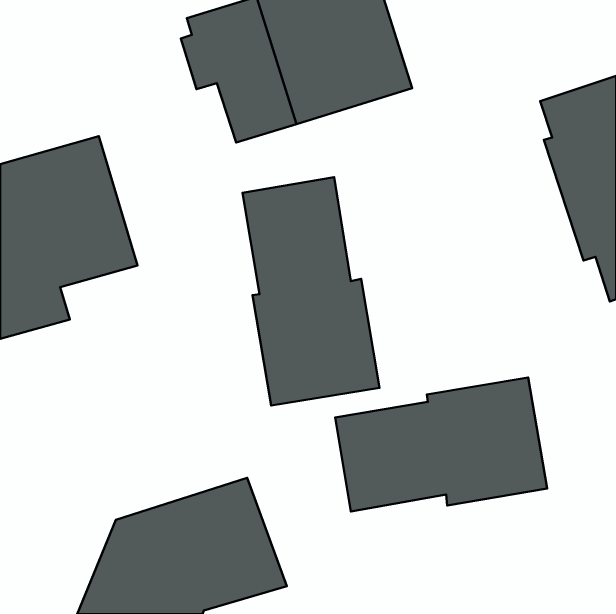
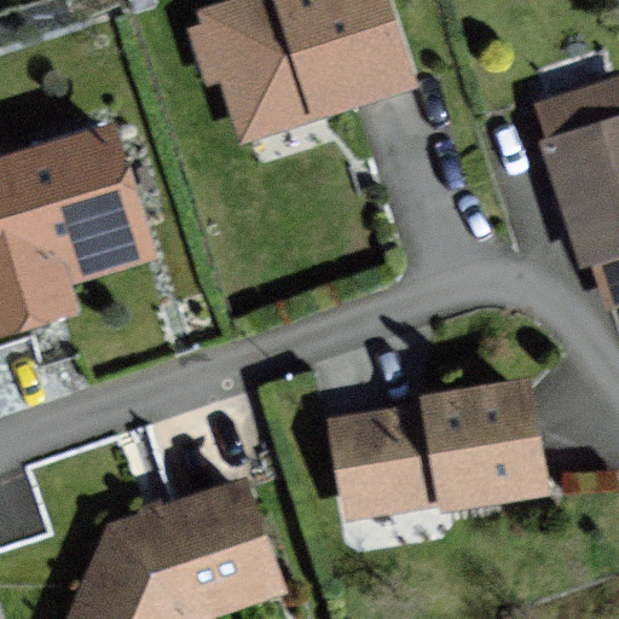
building: [242,177,380,405] -> none

